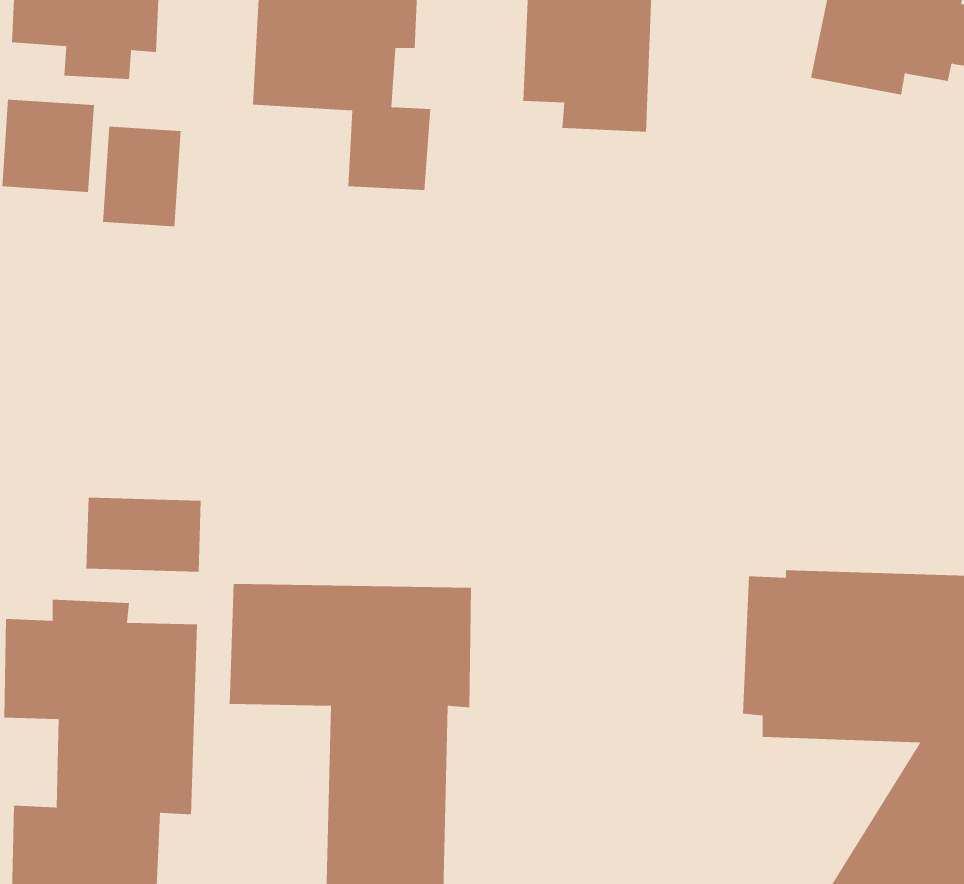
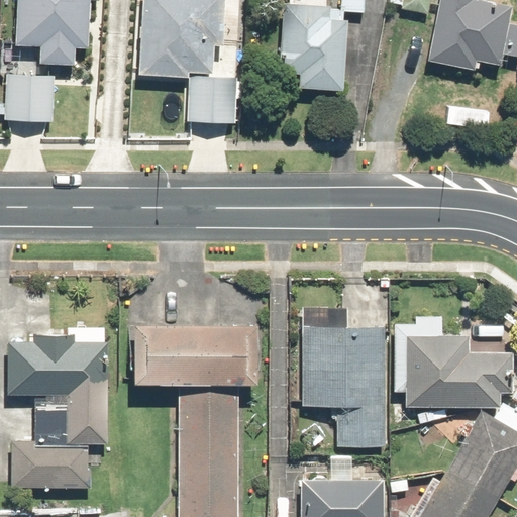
building: [102,126,181,227] -> none
building: [86,497,201,573] -> none
building: none -> [301,309,383,448]

